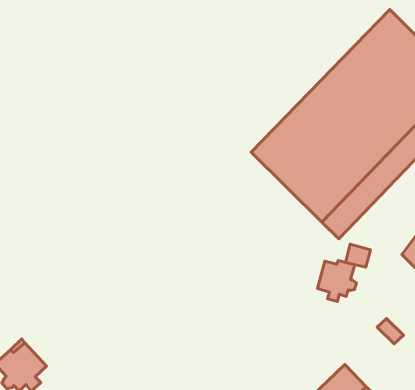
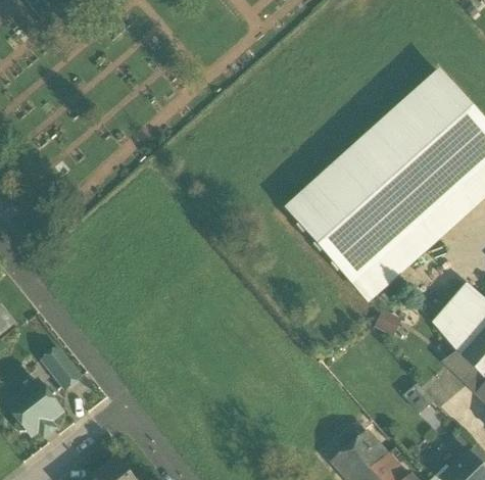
building: [317,261,356,302] -> none
building: none -> [42,347,79,387]

